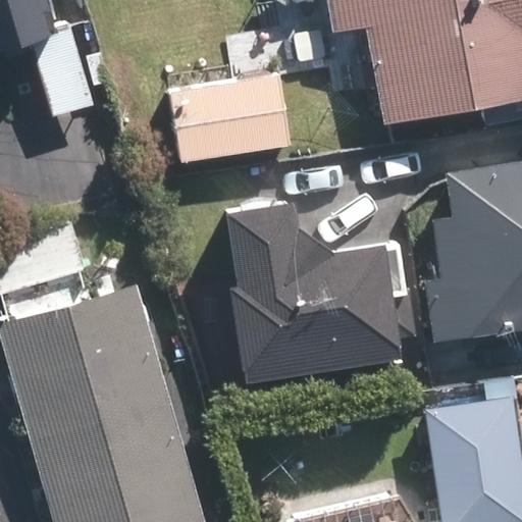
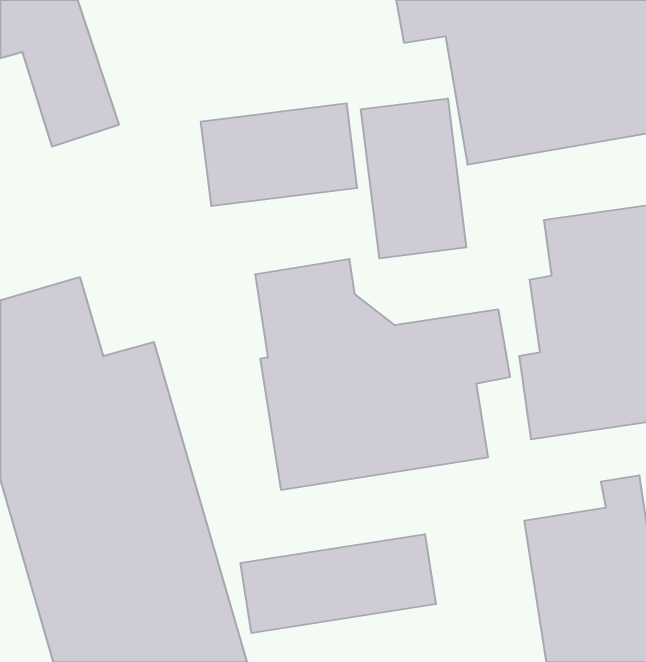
building: none -> [361,98,466,258]
building: none -> [240,534,436,633]

